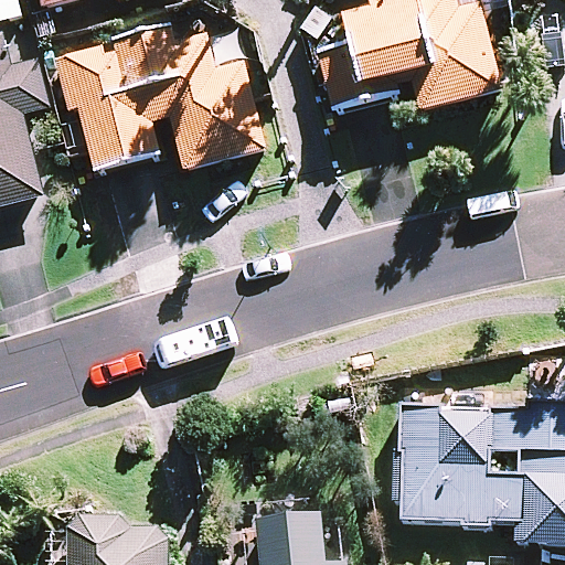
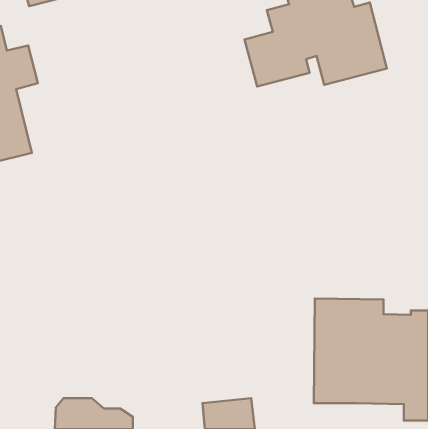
building: [52,24,264,171] -> none

